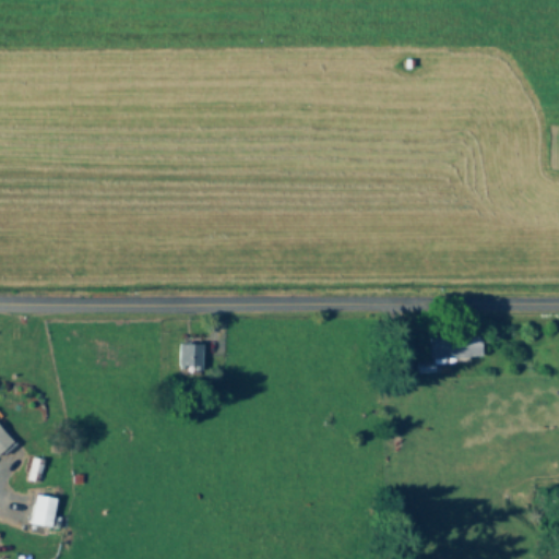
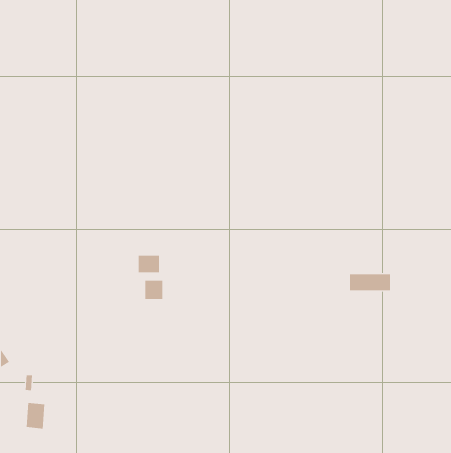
building: none -> [138,255,160,273]

